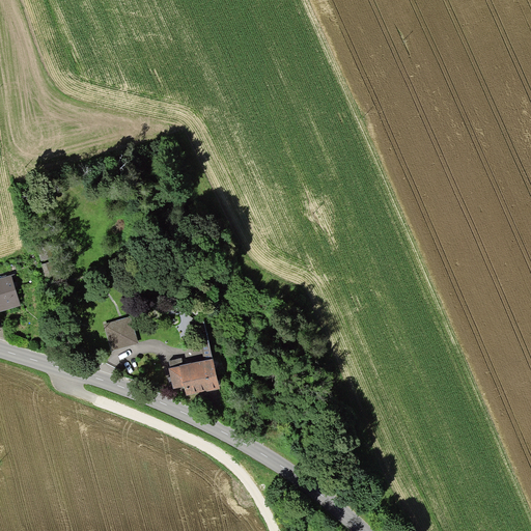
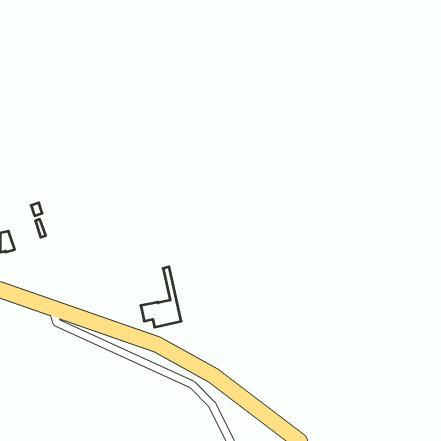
building: [106,318,138,347] -> none

